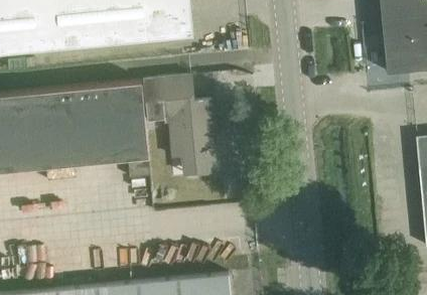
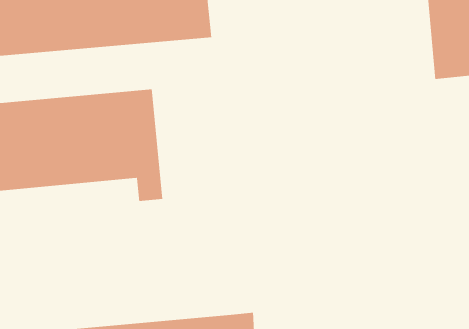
building: [143,77,219,176] -> none

